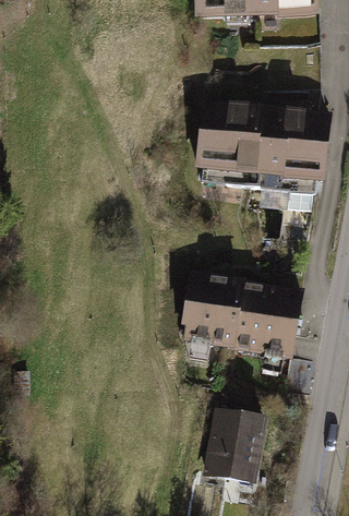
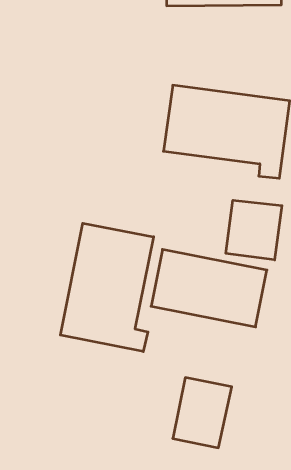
building: none -> [226,200,282,260]
building: none -> [60,223,154,352]

